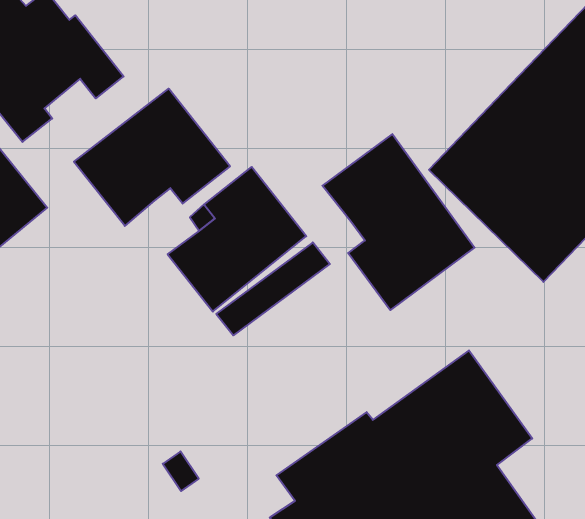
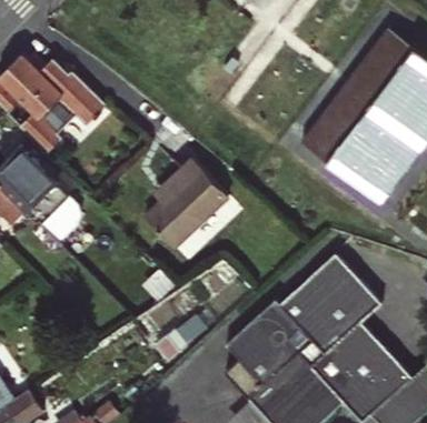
building: [74,89,230,226] -> none
building: [322,134,475,310] -> none

